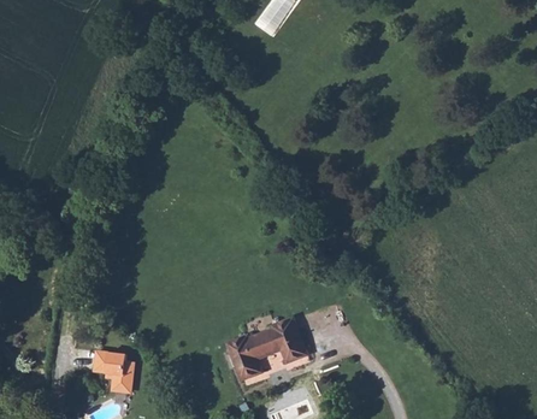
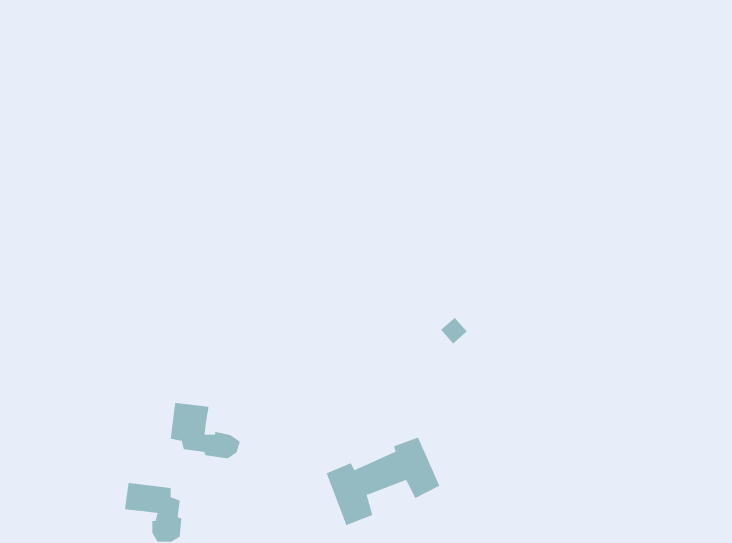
building: none -> [170,402,240,459]

